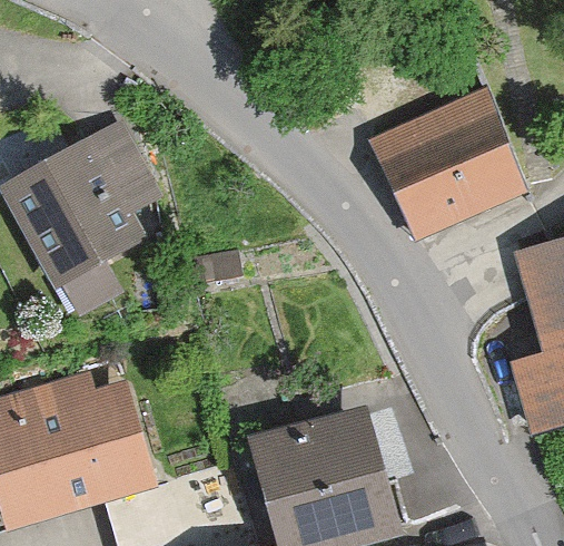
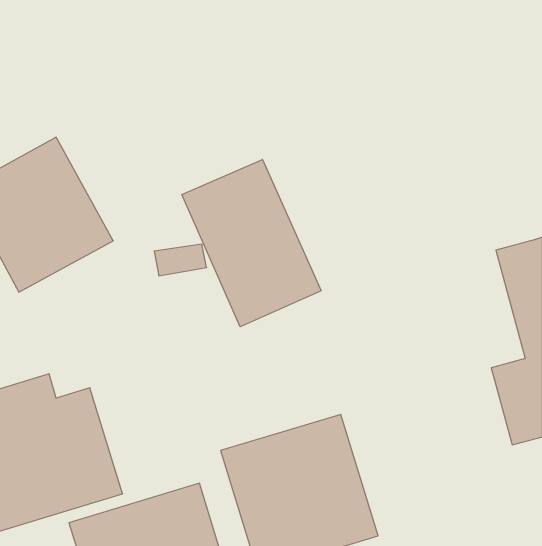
building: [364,82,531,245] -> none
building: none -> [182,159,321,327]

